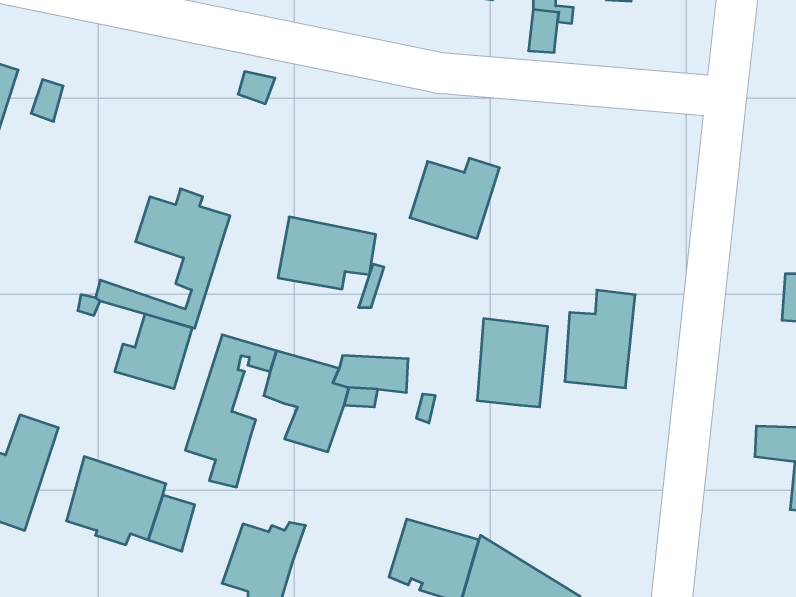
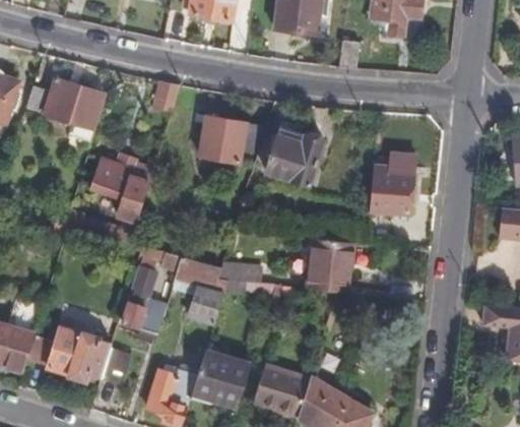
building: none -> [43,76,107,131]
building: [278,217,376,289] -> [199,116,261,162]
building: [565,290,635,388] -> [371,151,415,213]
building: [115,314,192,389] -> none
building: none -> [191,348,249,406]

